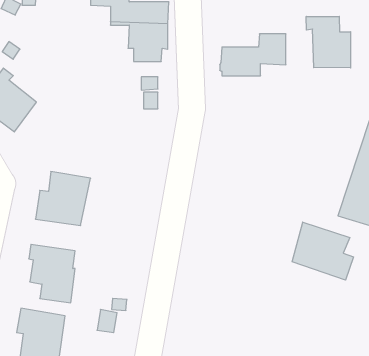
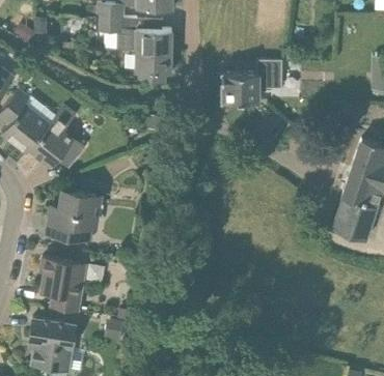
building: [306,16,351,68] -> none
building: none -> [27,103,87,168]
building: [292,222,354,280] -> none

